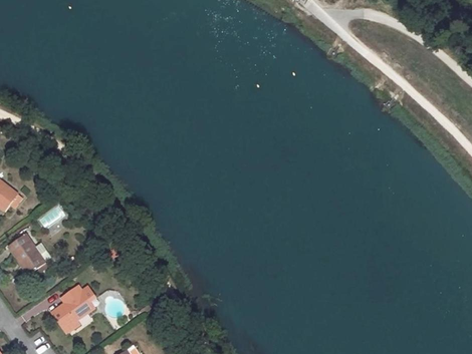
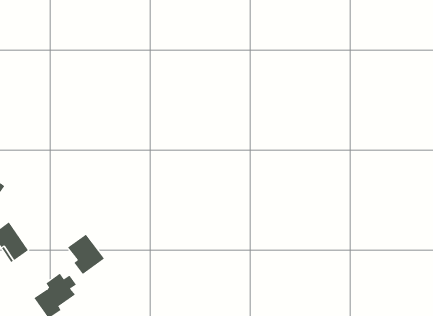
building: none -> [67,234,105,275]

